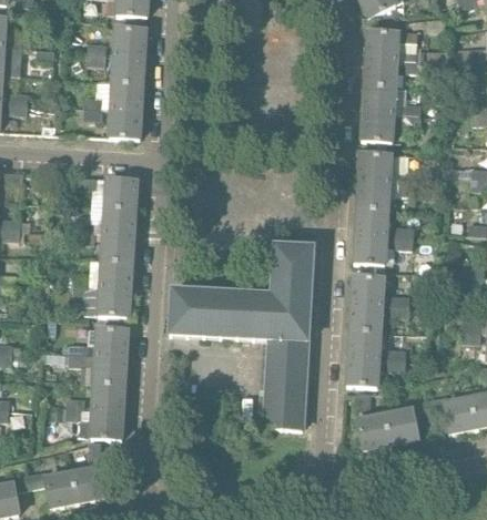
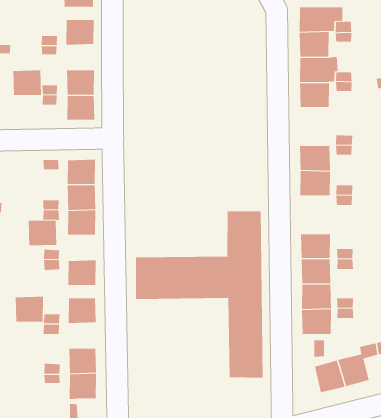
building: [112,54,144,83] -> [12,70,42,95]
building: [358,152,394,182] -> none
building: [354,234,388,264] -> none
building: [100,259,132,288] -> [28,220,57,246]
building: [94,355,126,384] -> [15,296,44,322]

